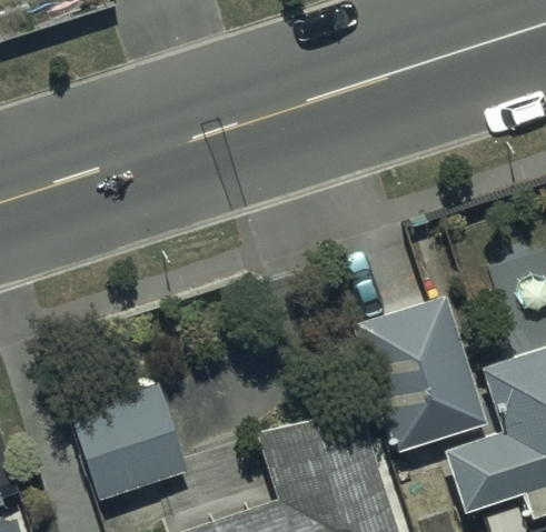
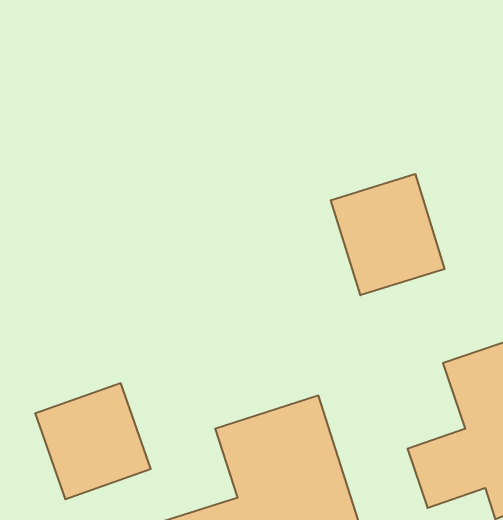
building: none -> [331,174,445,295]
building: [354,297,485,453] -> none

